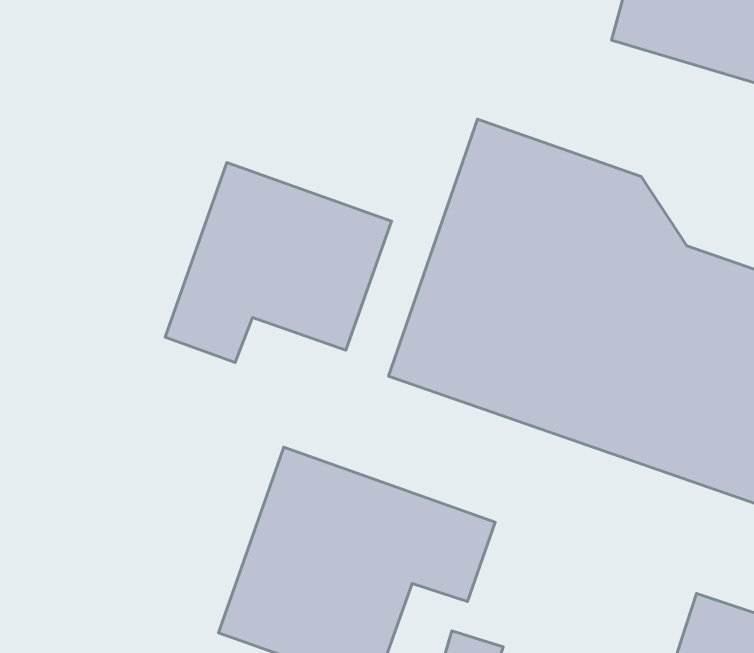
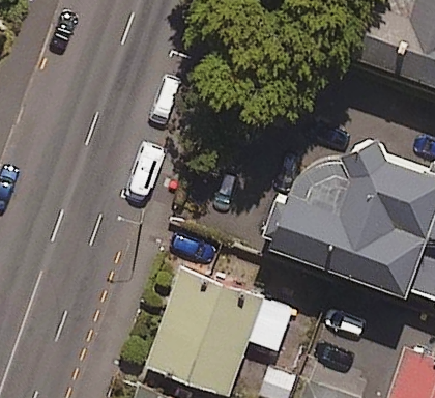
building: [165,162,391,362] -> none

